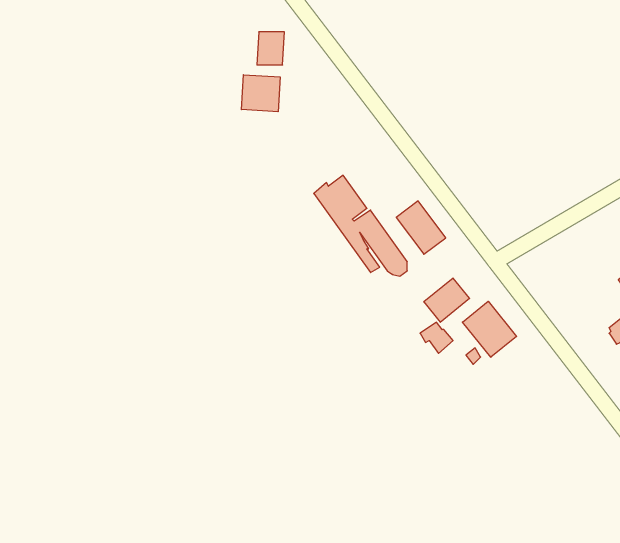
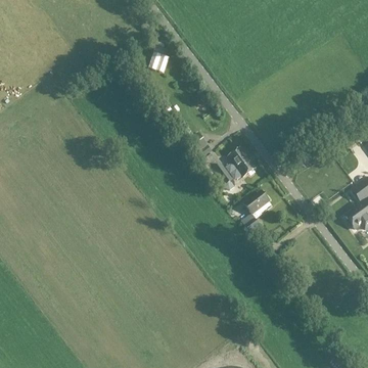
building: [241,75,280,112] -> none
building: [462,301,517,357] -> none

